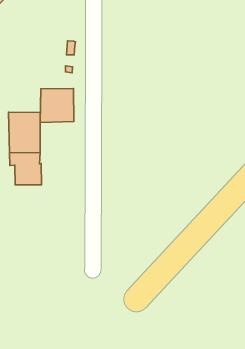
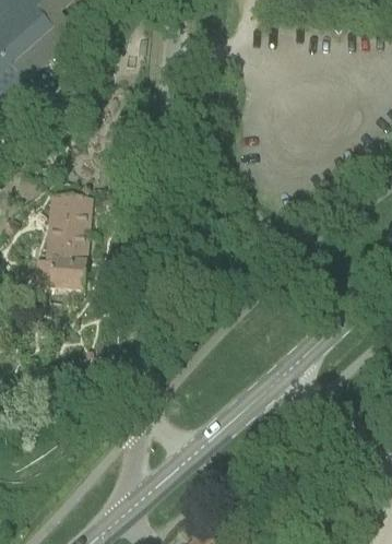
building: [40,89,74,122] -> none

